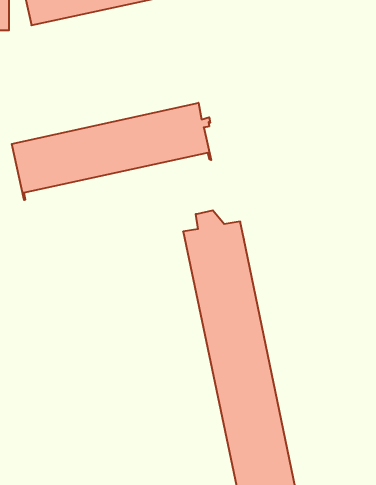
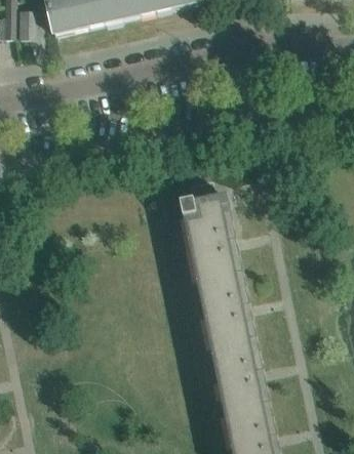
building: [12,103,211,200] -> none

